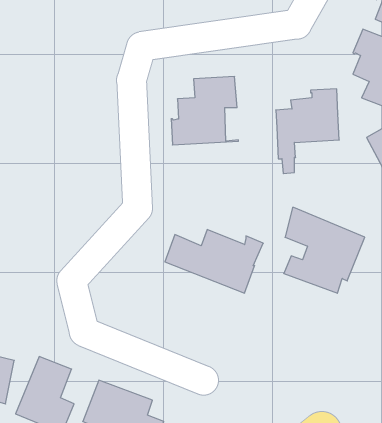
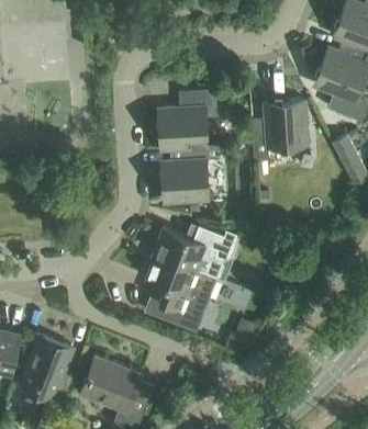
building: none -> [159,145,219,201]
building: [284,207,365,293] -> [144,251,215,327]

